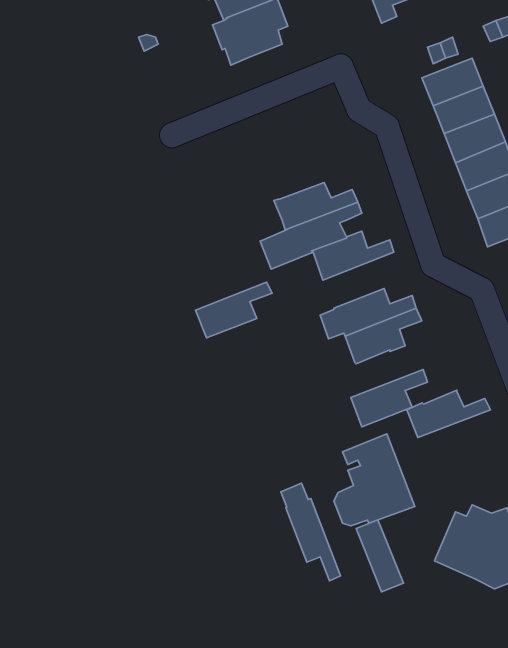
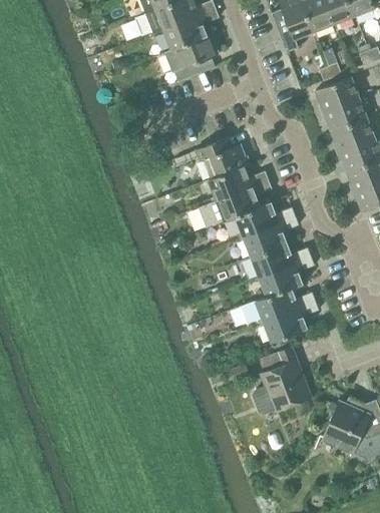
building: none -> [196,137,249,178]
building: [195,282,272,338] -> [244,216,299,256]
building: [407,390,490,438] -> [256,287,316,321]
building: [281,483,340,581] -> none
building: [356,520,403,592] -> none

